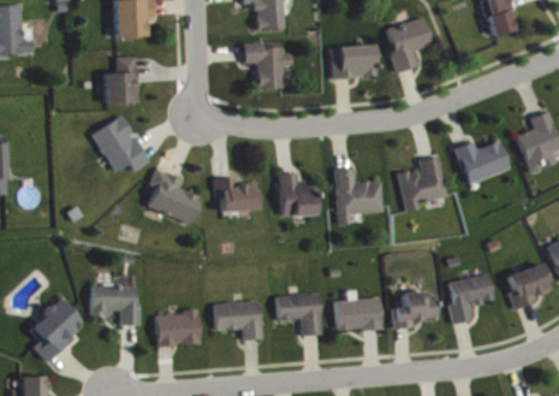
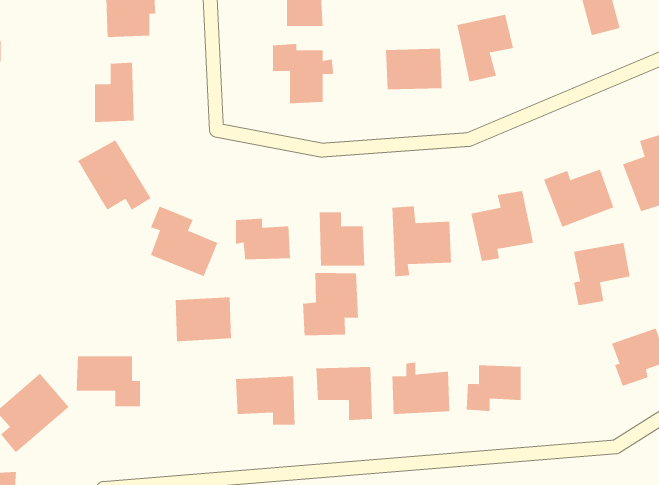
building: none -> [303,272,359,336]
building: [448,274,493,324] -> [573,242,630,306]
building: [155,312,200,347] -> [175,297,232,342]

